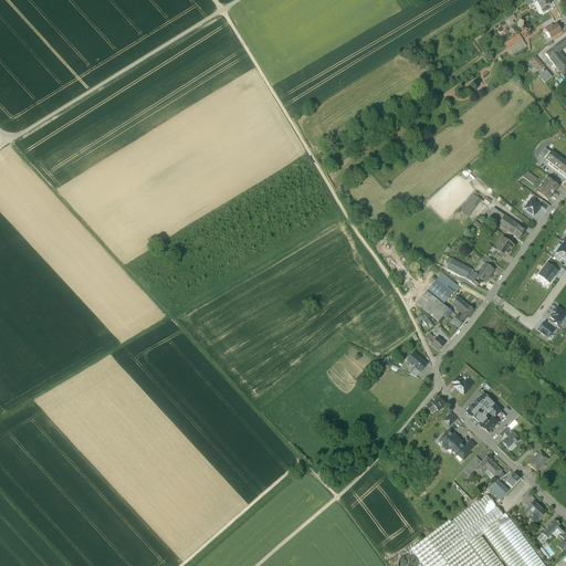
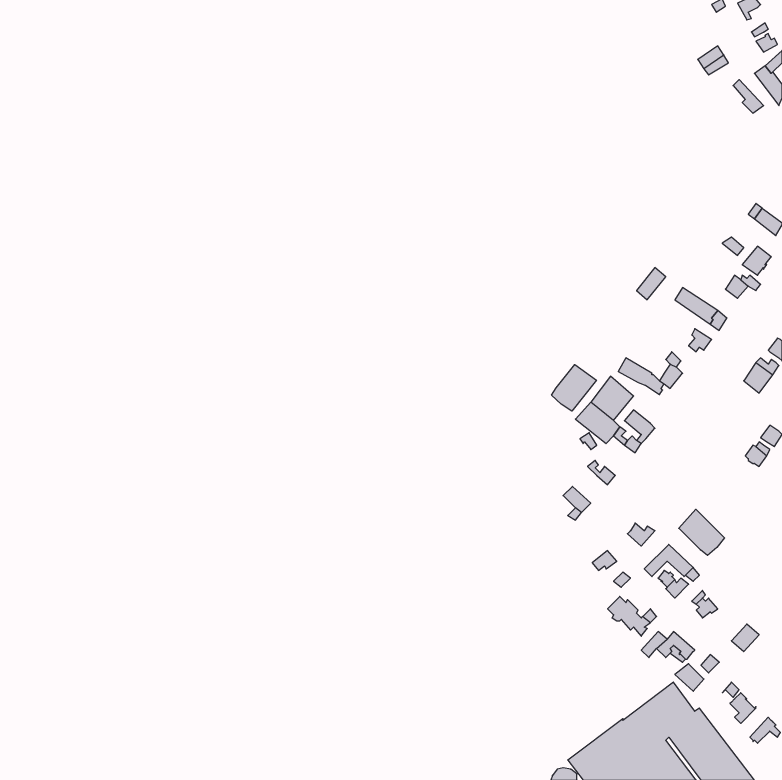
building: none -> [552,365,596,411]
building: none -> [679,509,725,555]

